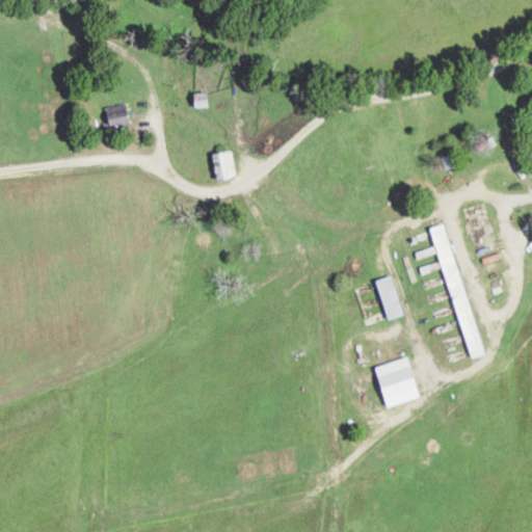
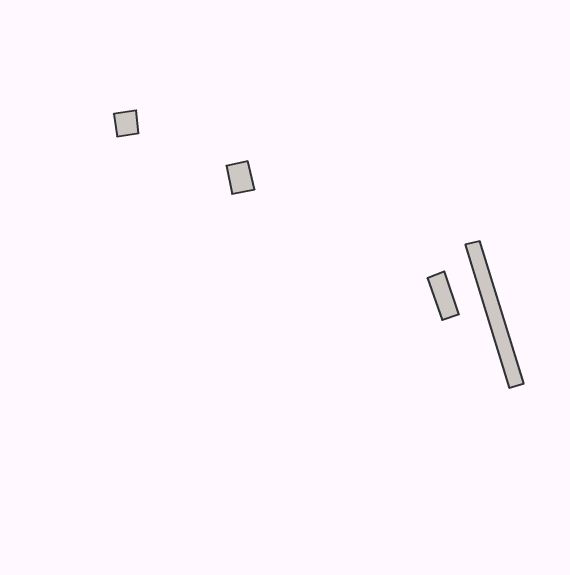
building: [373,274,402,319] -> [427,271,459,320]
building: [383,356,419,404] -> none

